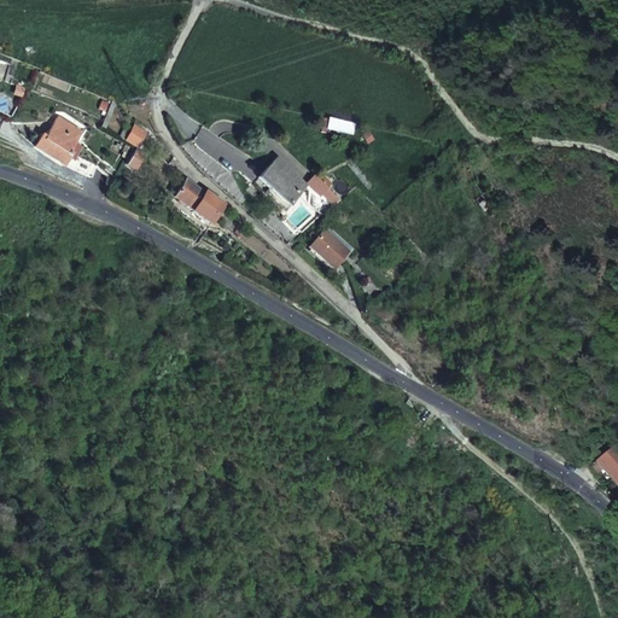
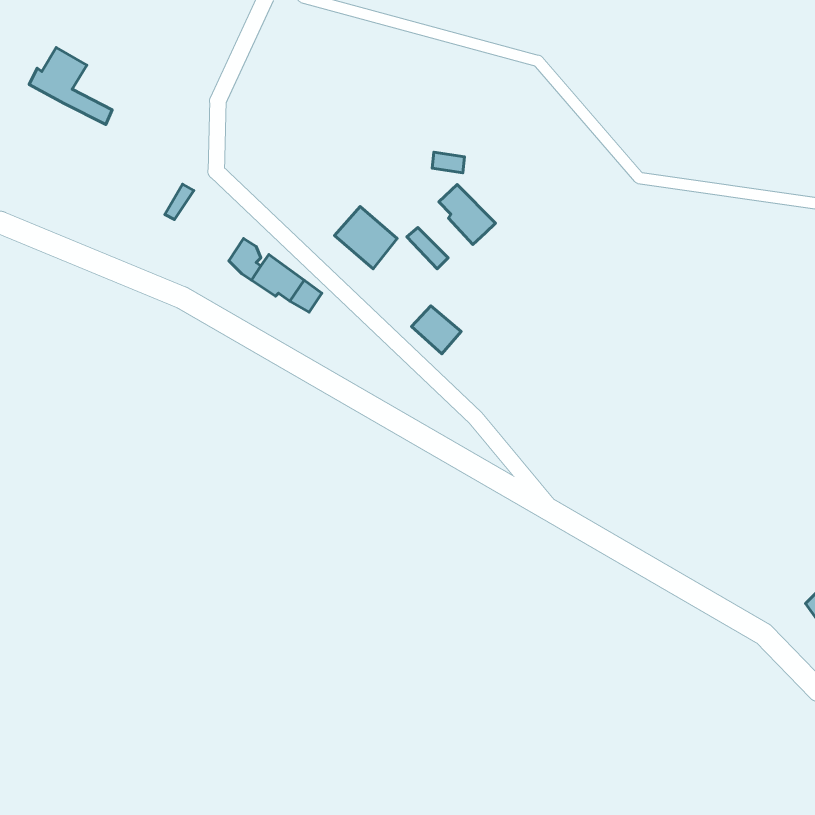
building: [37,117,100,175] -> [29,48,112,124]
building: none -> [439,185,495,245]

